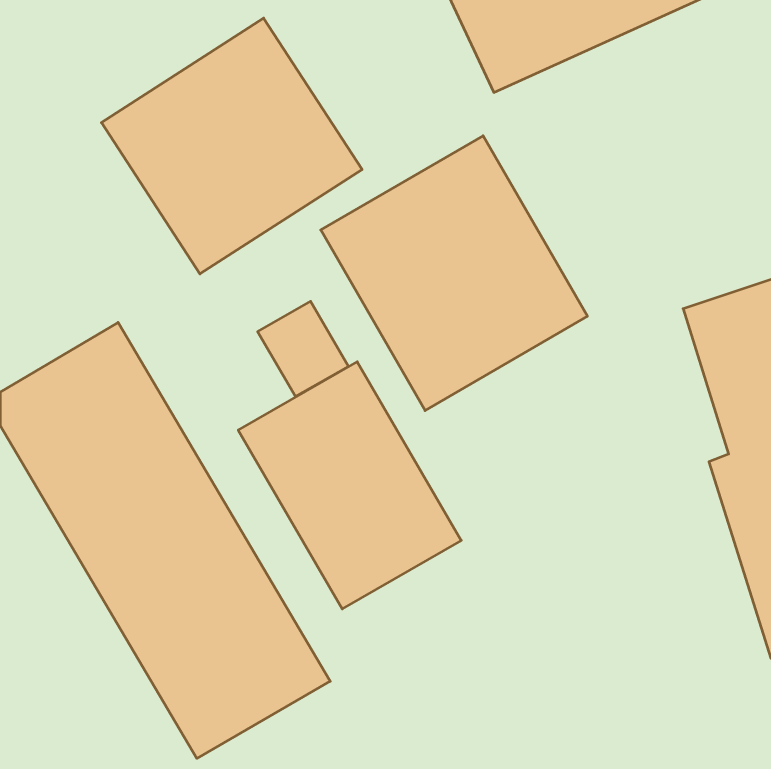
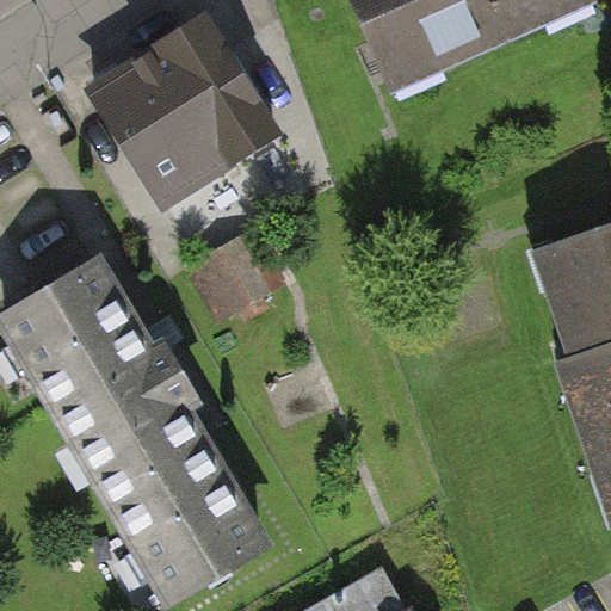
building: [321,136,587,411] -> none
building: [238,362,461,609] -> none

